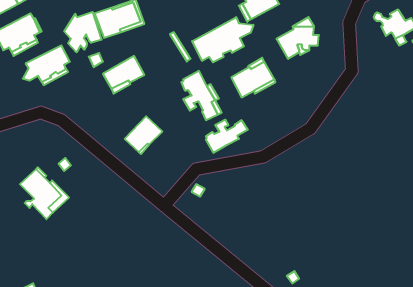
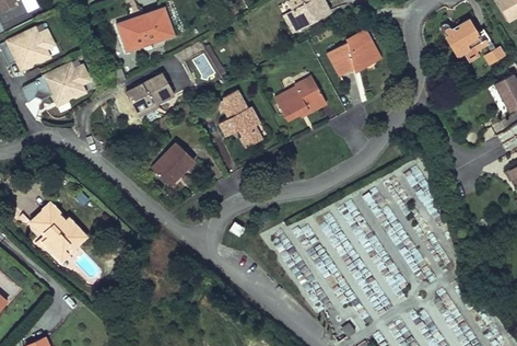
building: [64,12,102,52] -> none
building: [192,17,253,62] -> none
building: [206,120,248,153] -> none

